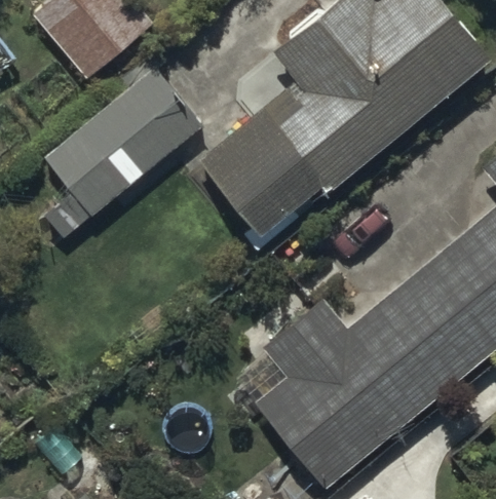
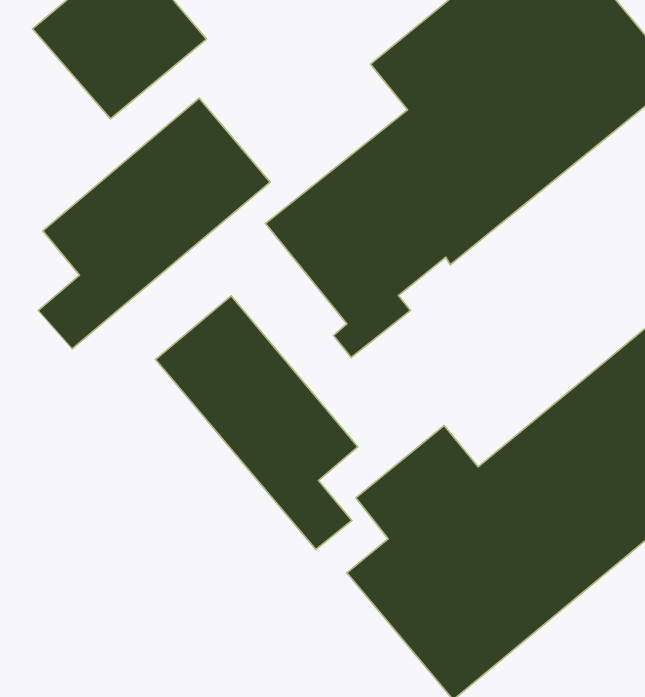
building: none -> [156,296,358,549]

